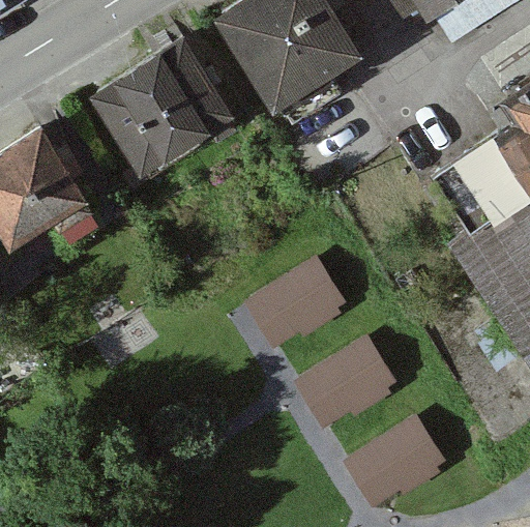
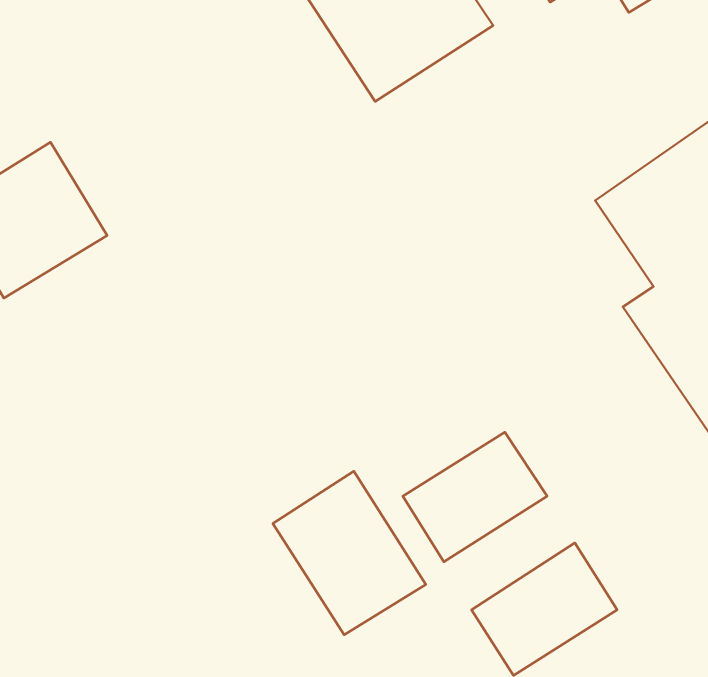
building: [97,38,233,170] -> none
building: [243,257,347,350] -> none
building: none -> [273,471,426,635]

